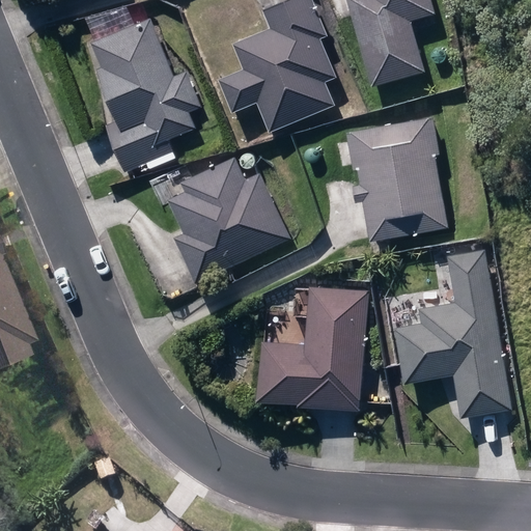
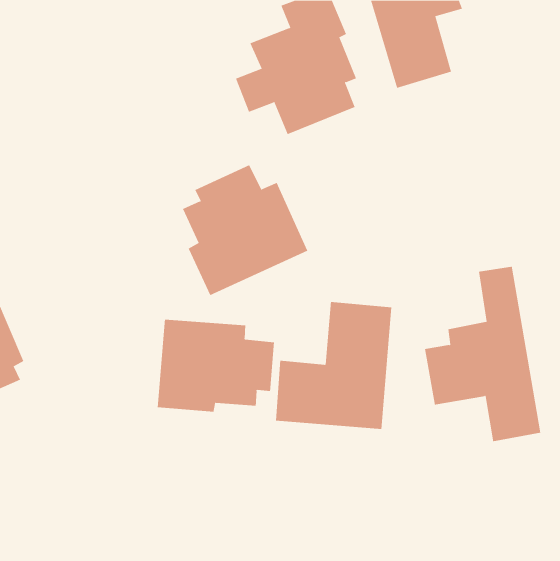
building: [92,20,199,170] -> none
building: [347,117,447,240] -> none
building: none -> [157,319,274,413]

